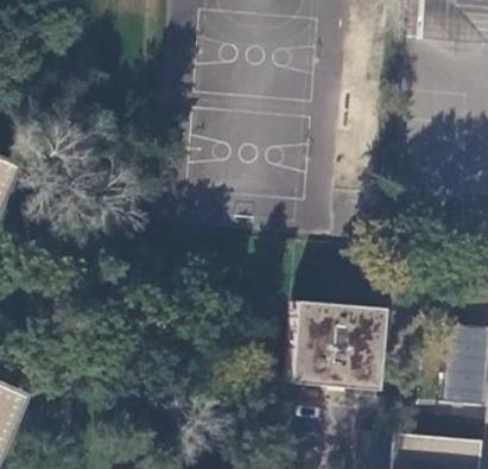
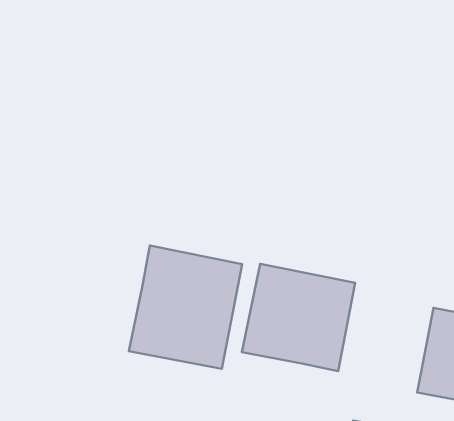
building: none -> [129,245,242,369]

